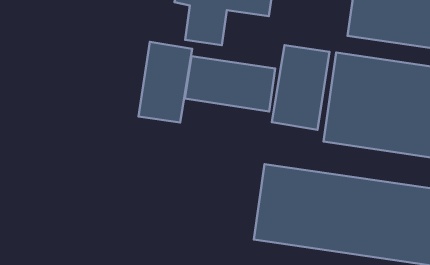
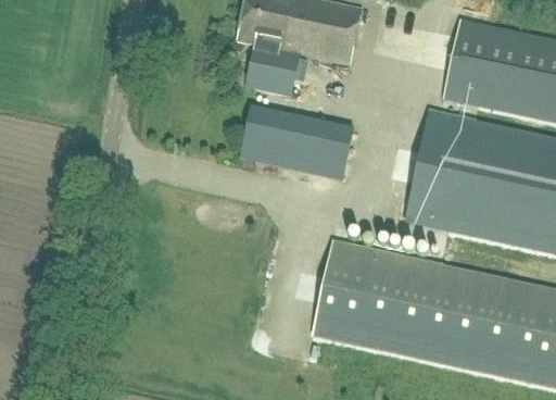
building: [138,42,192,122] -> none
building: [272,45,329,130] -> none

